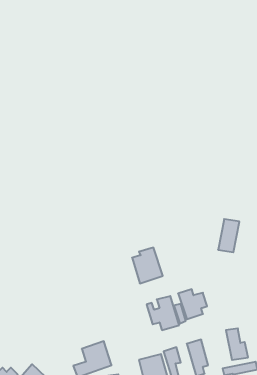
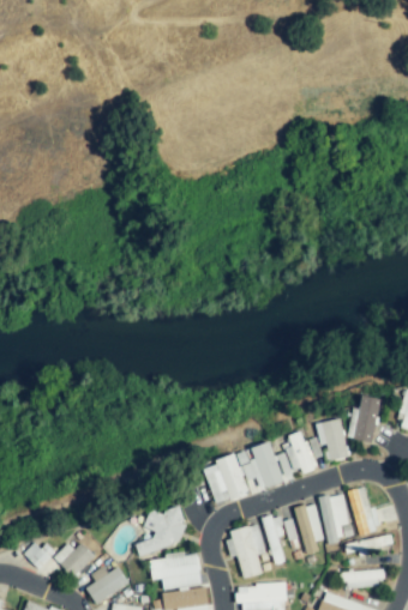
building: [218,219,239,252] -> [352,395,382,442]
building: [132,248,163,283] -> [205,454,248,505]
building: none -> [316,418,349,461]
building: none -> [322,495,347,544]

